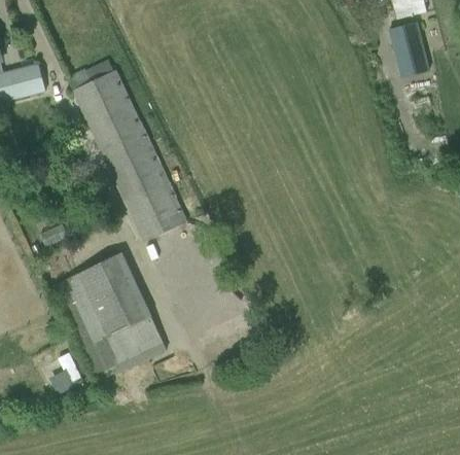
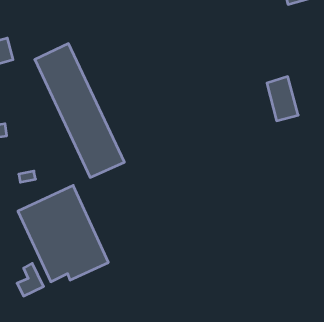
building: [389,21,429,77] -> [267,77,298,121]

